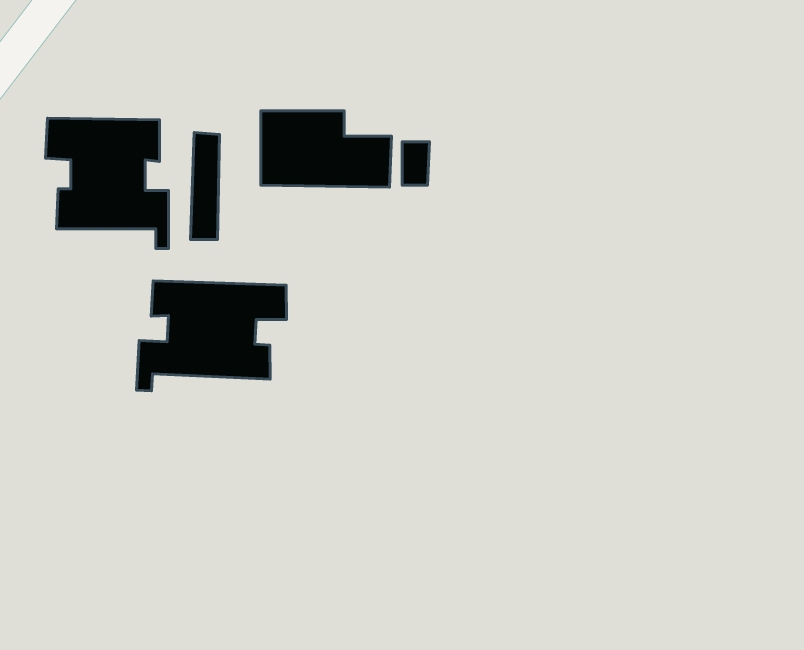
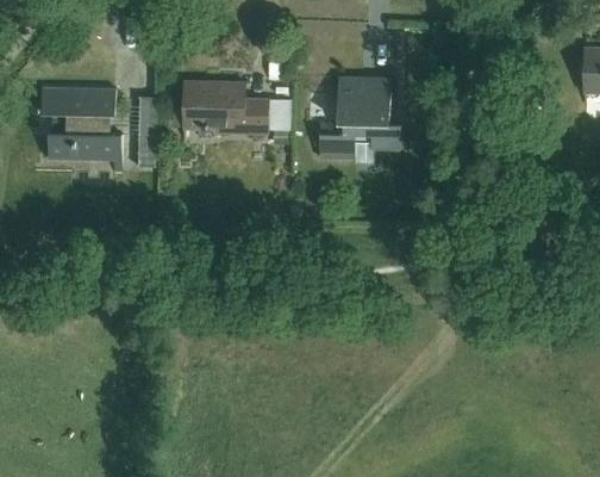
building: none -> [319,78,402,157]
building: [136,281,286,391] -> none

